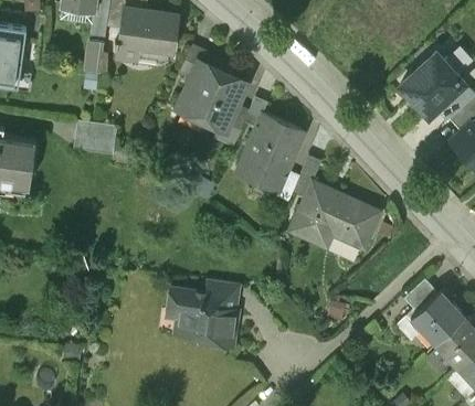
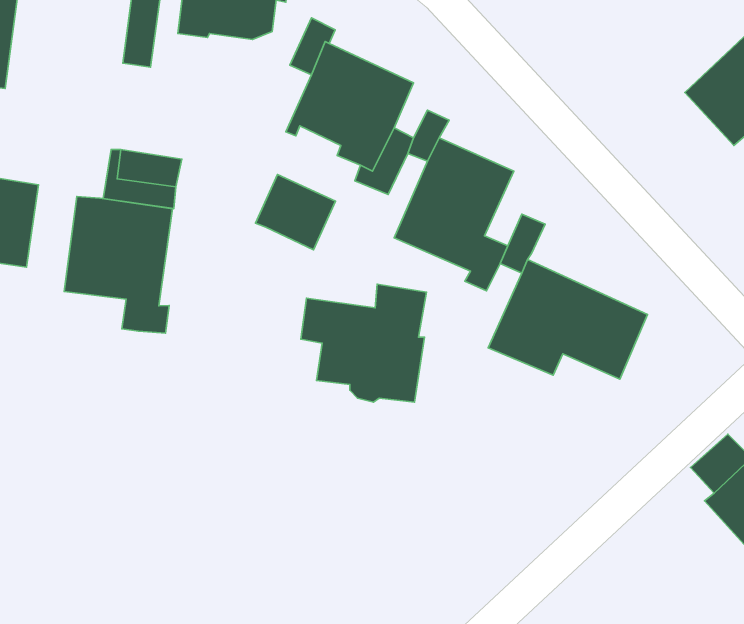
building: none -> [255,174,336,250]
building: none -> [64,196,173,333]
building: [167,281,238,348] -> [301,284,426,402]

